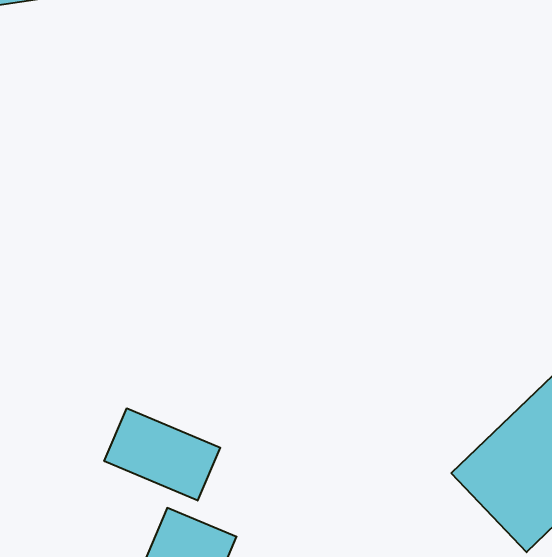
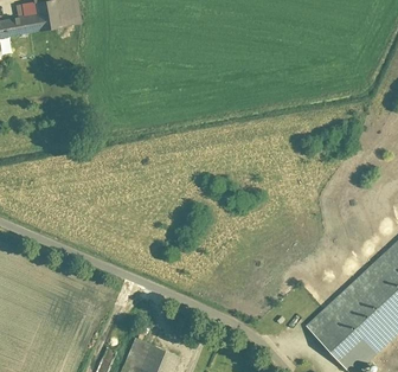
building: [104,408,220,501] -> none

